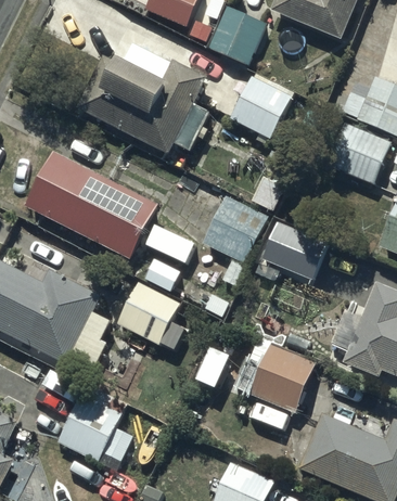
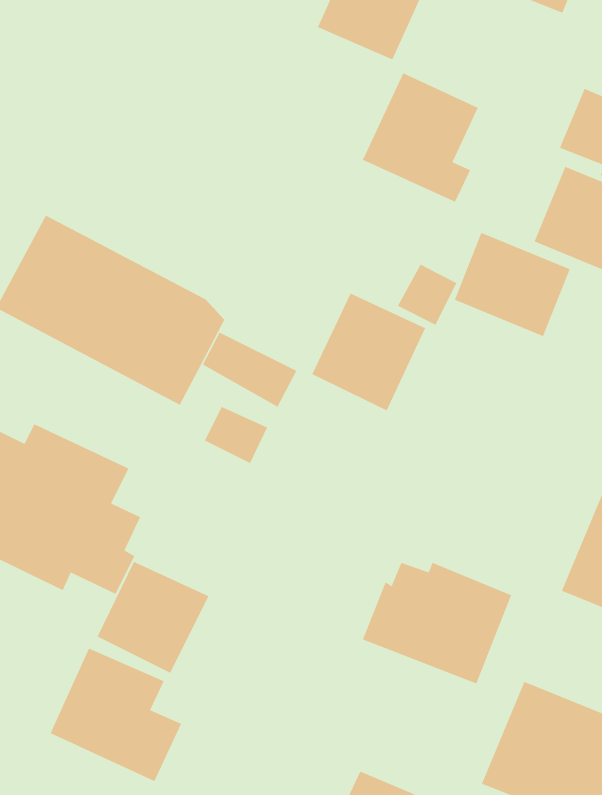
building: [77,59,209,157] -> none
building: [261,219,326,278] -> [454,232,571,337]
building: [116,280,179,343] -> [96,561,210,674]

